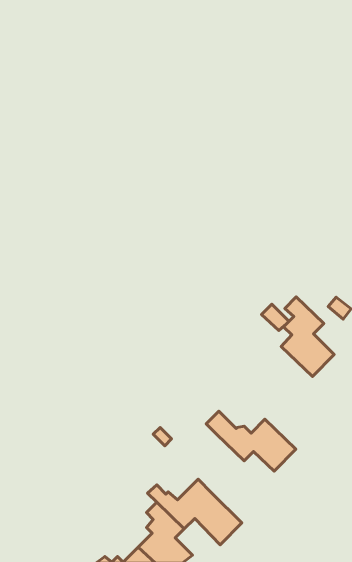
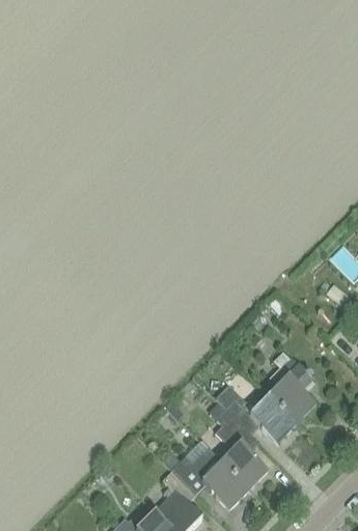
building: [281,297,334,376] -> [270,350,318,421]
building: none -> [217,408,269,487]

